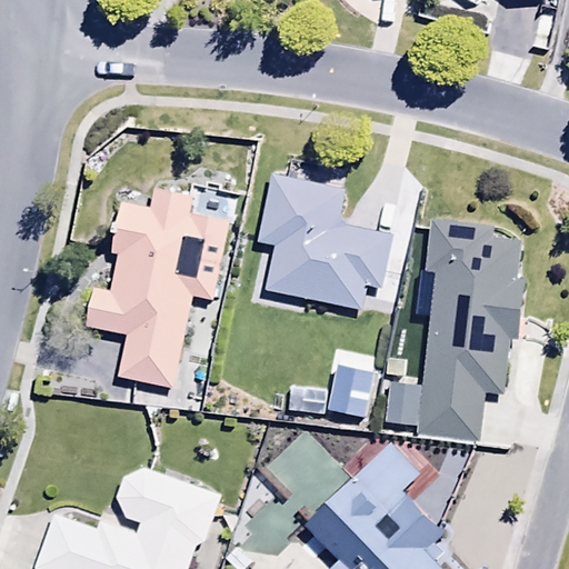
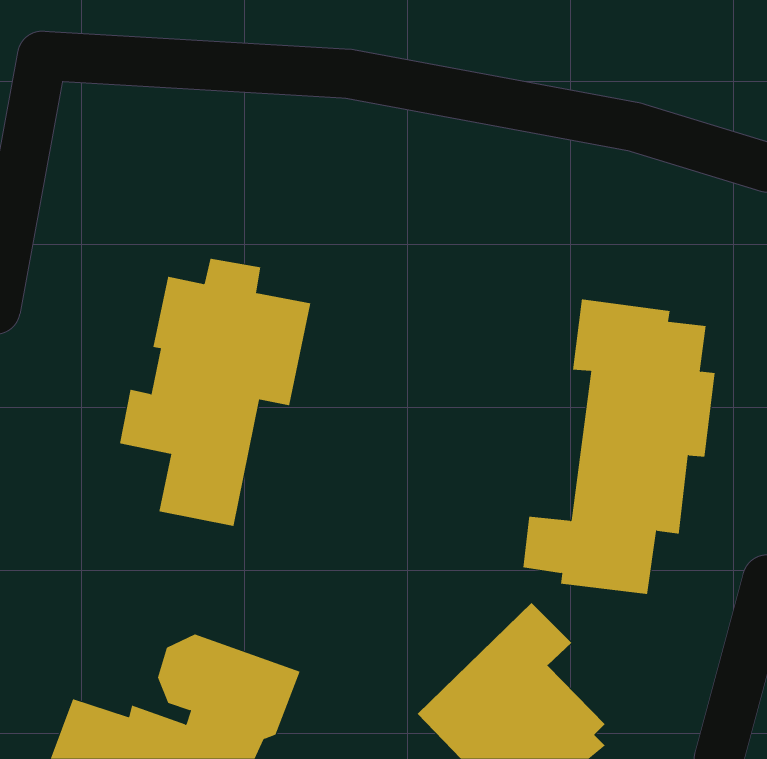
building: [257,174,395,312] -> none

